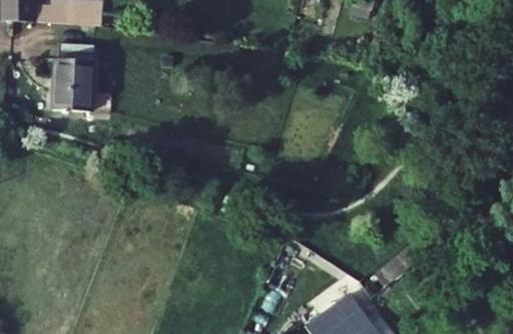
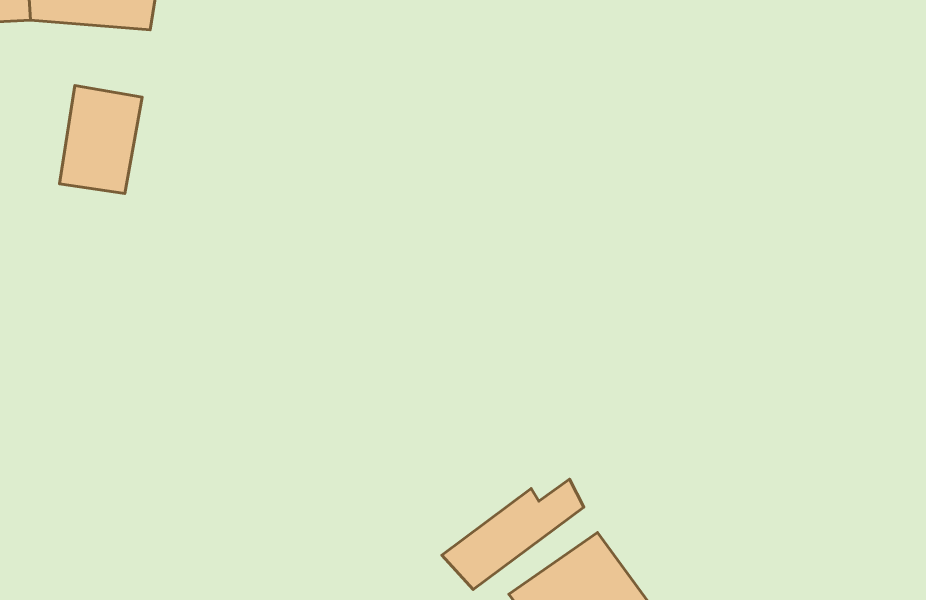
building: none -> [442,479,584,590]

